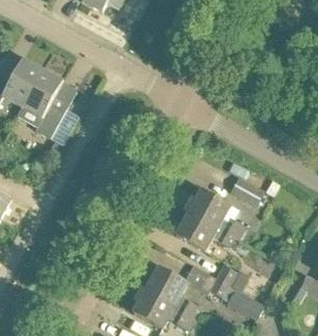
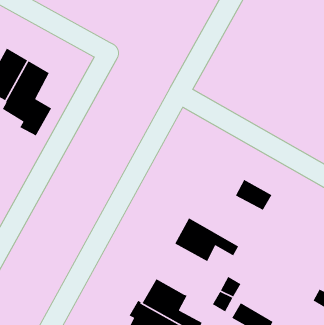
building: [184,190,245,240] -> none

